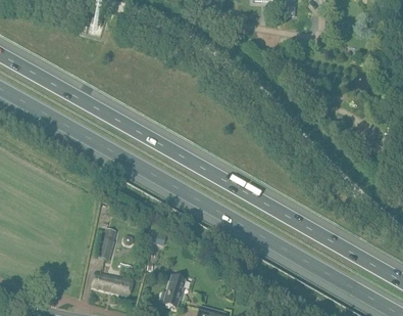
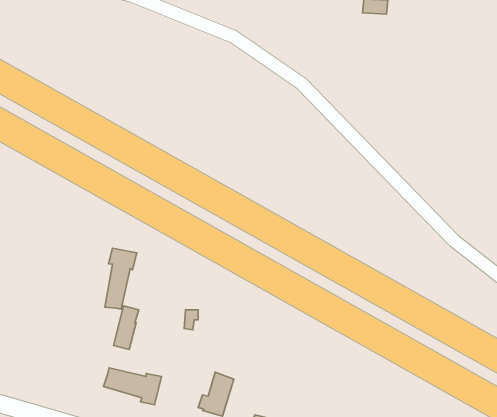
building: none -> [105,248,137,309]

